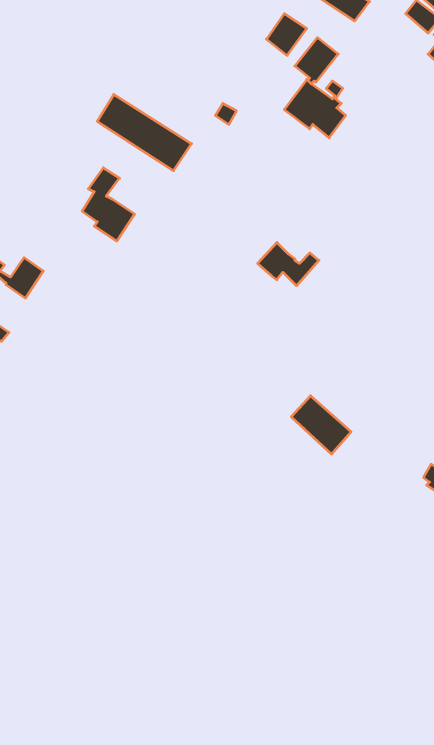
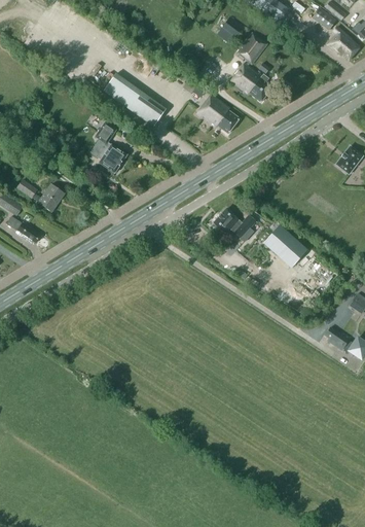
building: none -> [196,94,239,133]
building: [258,242,319,286] -> [213,208,255,238]
building: [291,396,351,454] -> [267,223,308,264]

